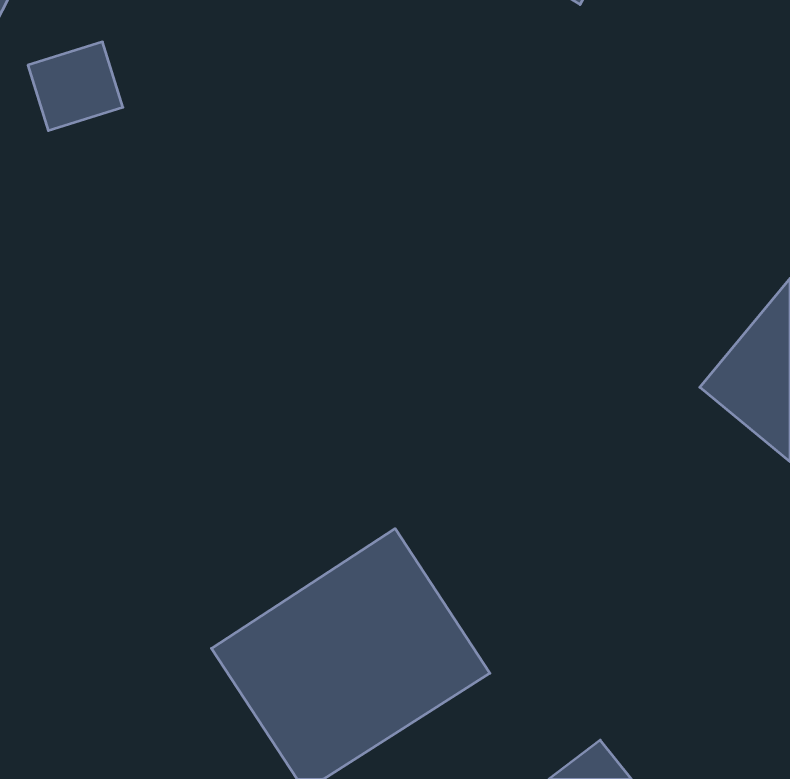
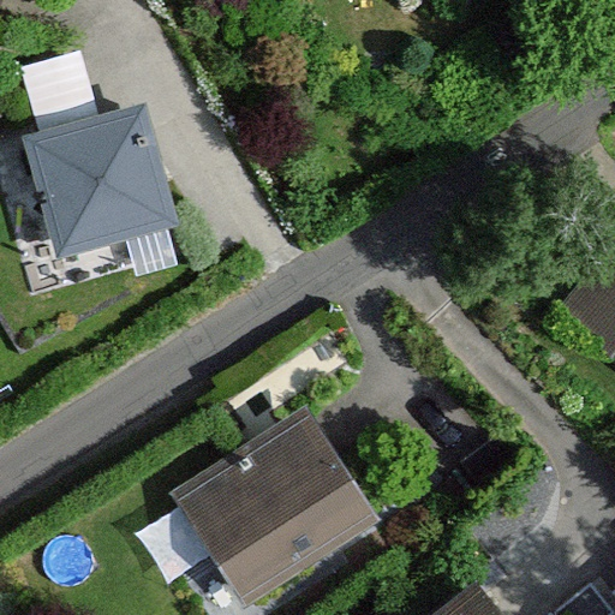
building: none -> [30,111,183,265]

